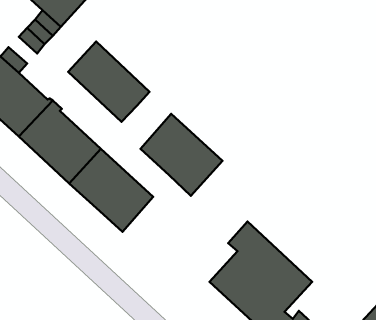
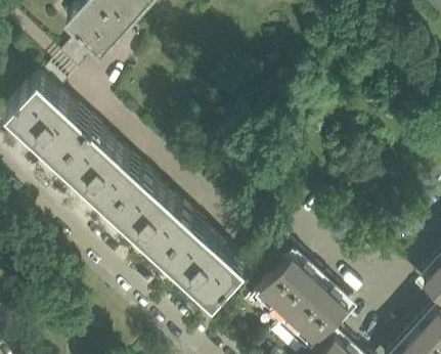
building: [68,42,150,122] -> none
building: [140,114,223,196] -> [164,223,246,305]

